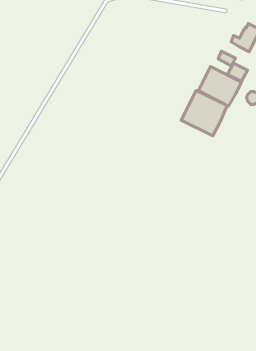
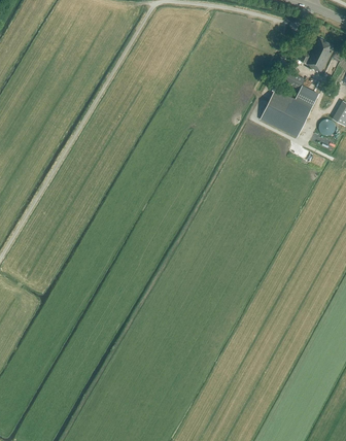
building: [181,90,227,136] -> none

